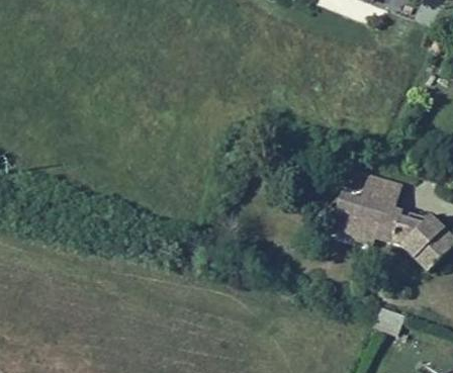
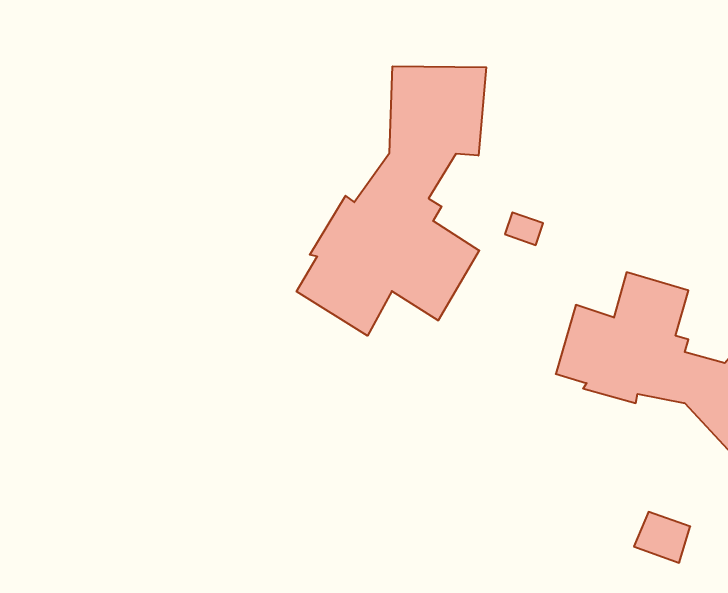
building: none -> [297,66,486,336]

